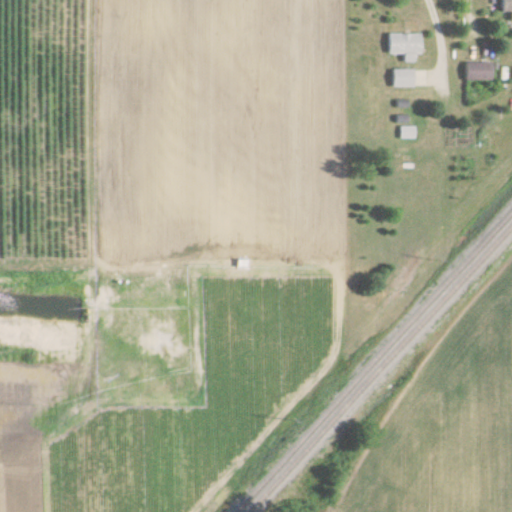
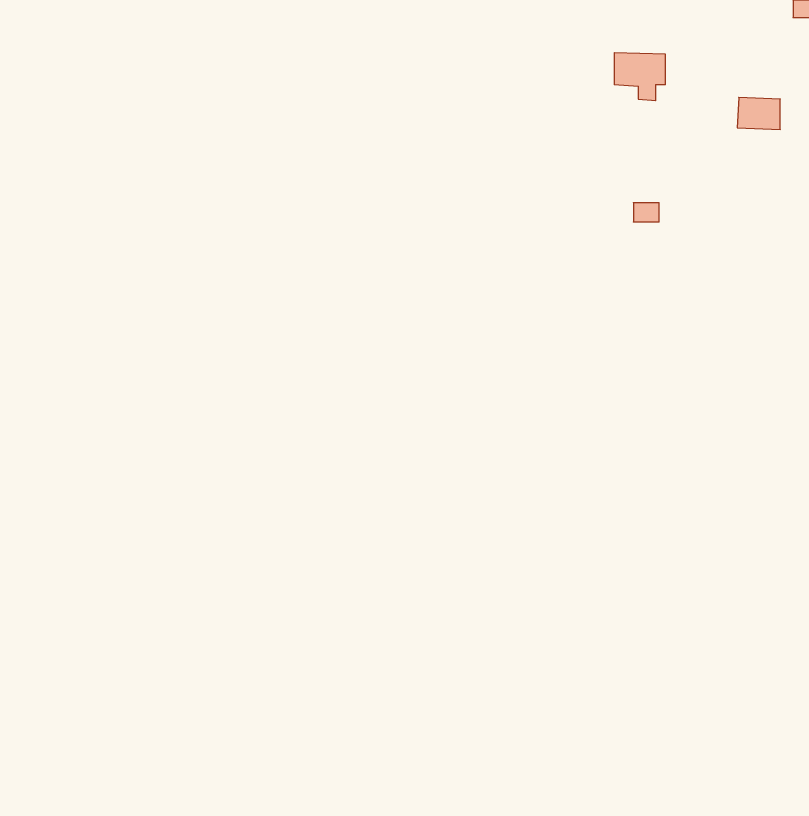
building: [393,69,414,88] -> none

